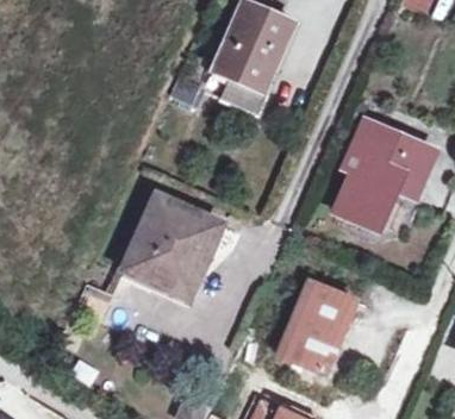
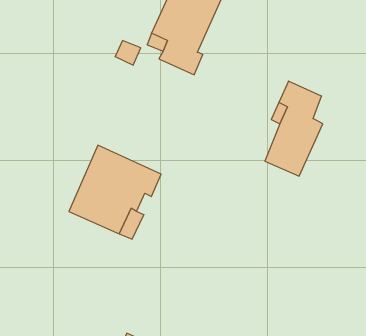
building: [393,136,434,196] -> none
building: [280,280,355,373] -> none

